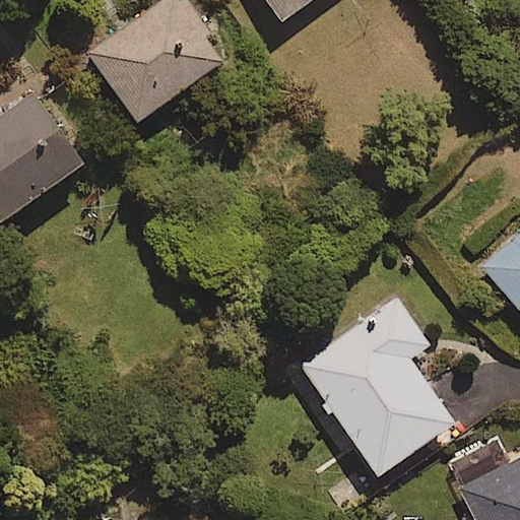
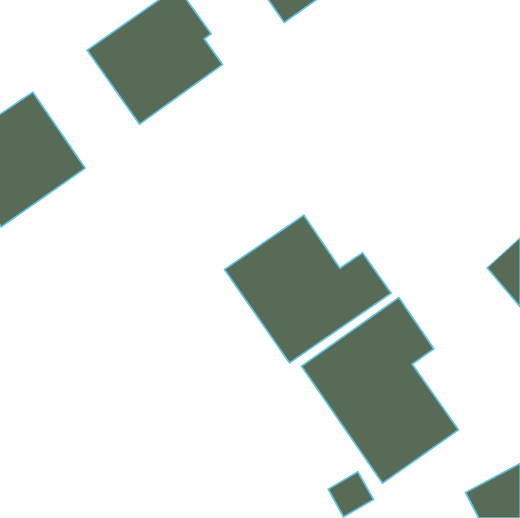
building: none -> [225,215,391,363]

